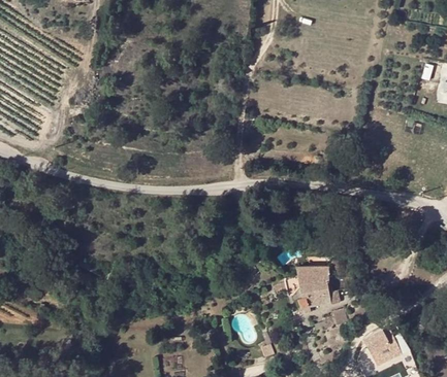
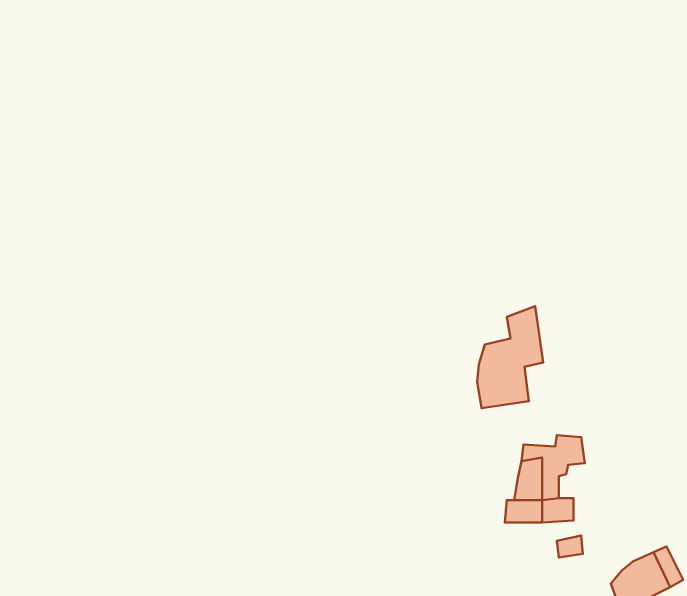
building: none -> [477,306,543,408]

